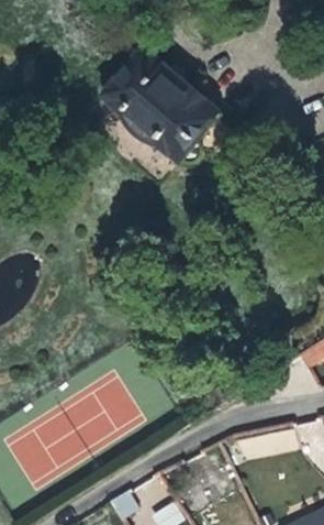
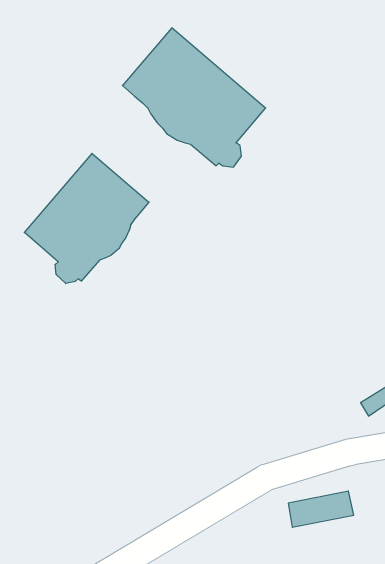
building: none -> [24,153,149,284]

